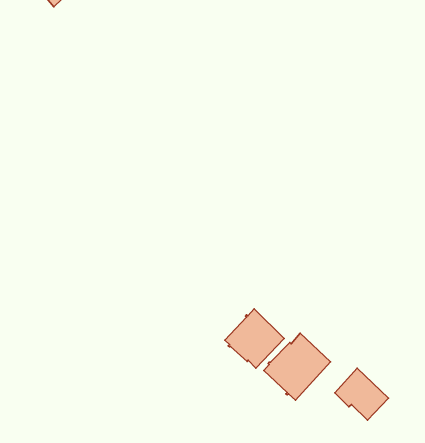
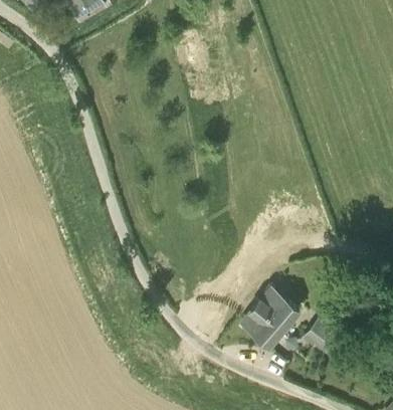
building: [225,309,284,368] -> none

